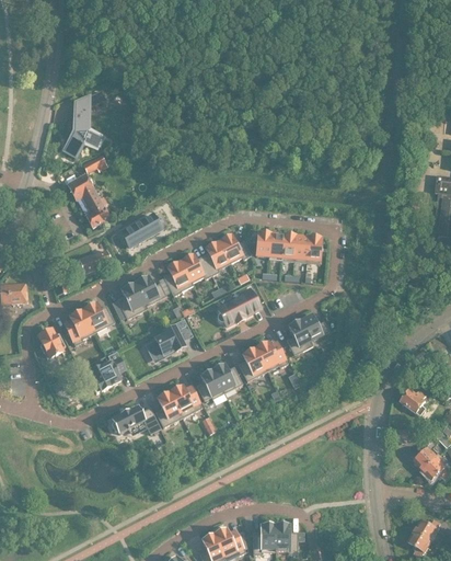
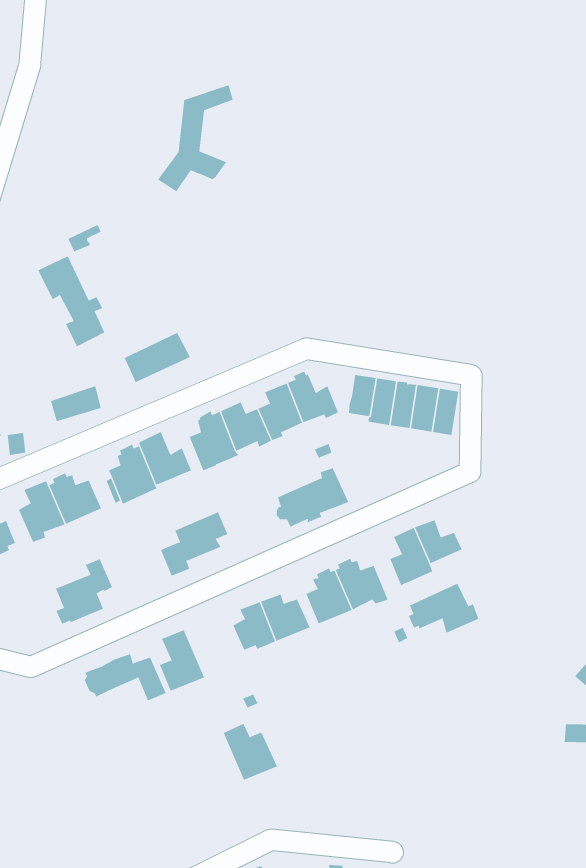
building: [63,90,105,156] -> [157,85,233,192]
building: none -> [408,583,479,634]
building: [169,382,203,416] -> [223,723,278,781]

